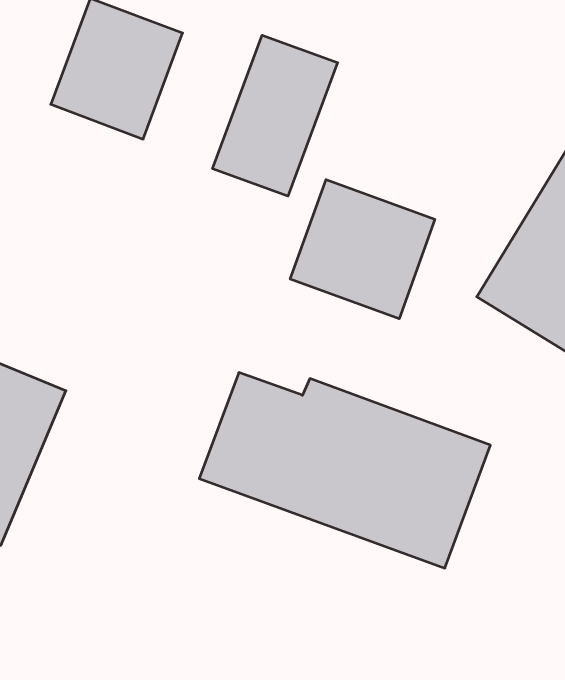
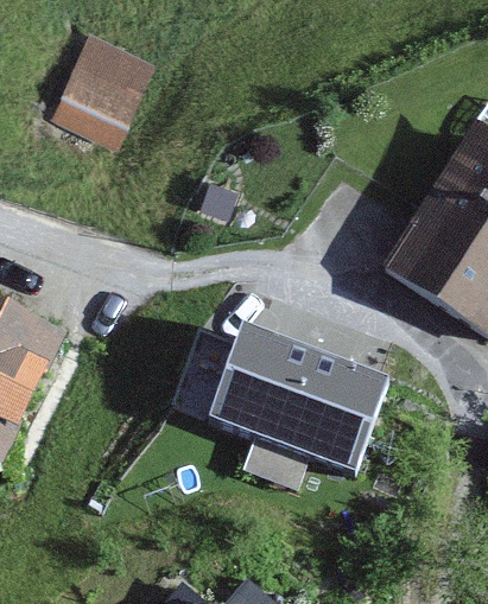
building: [213,35,338,196] -> none
building: [290,180,435,319] -> none

